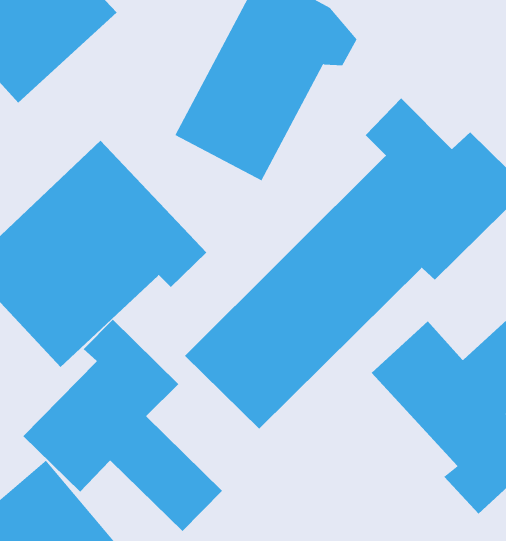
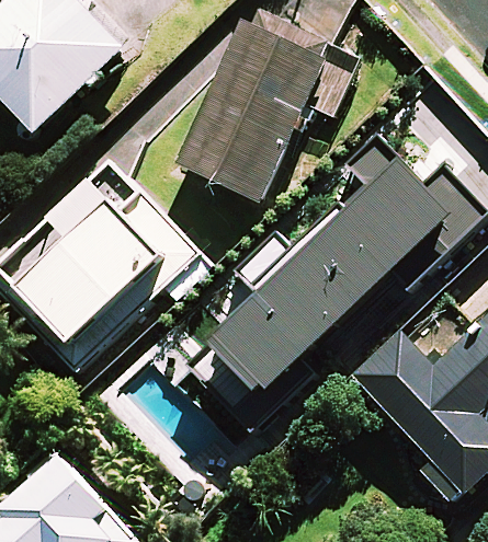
building: [22,319,223,532] -> none

